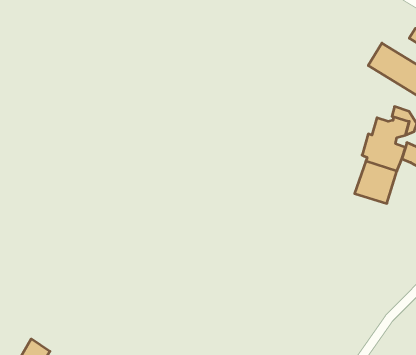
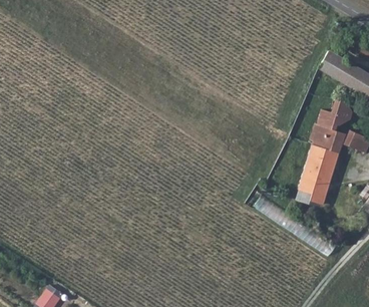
building: none -> [300,171,331,203]

